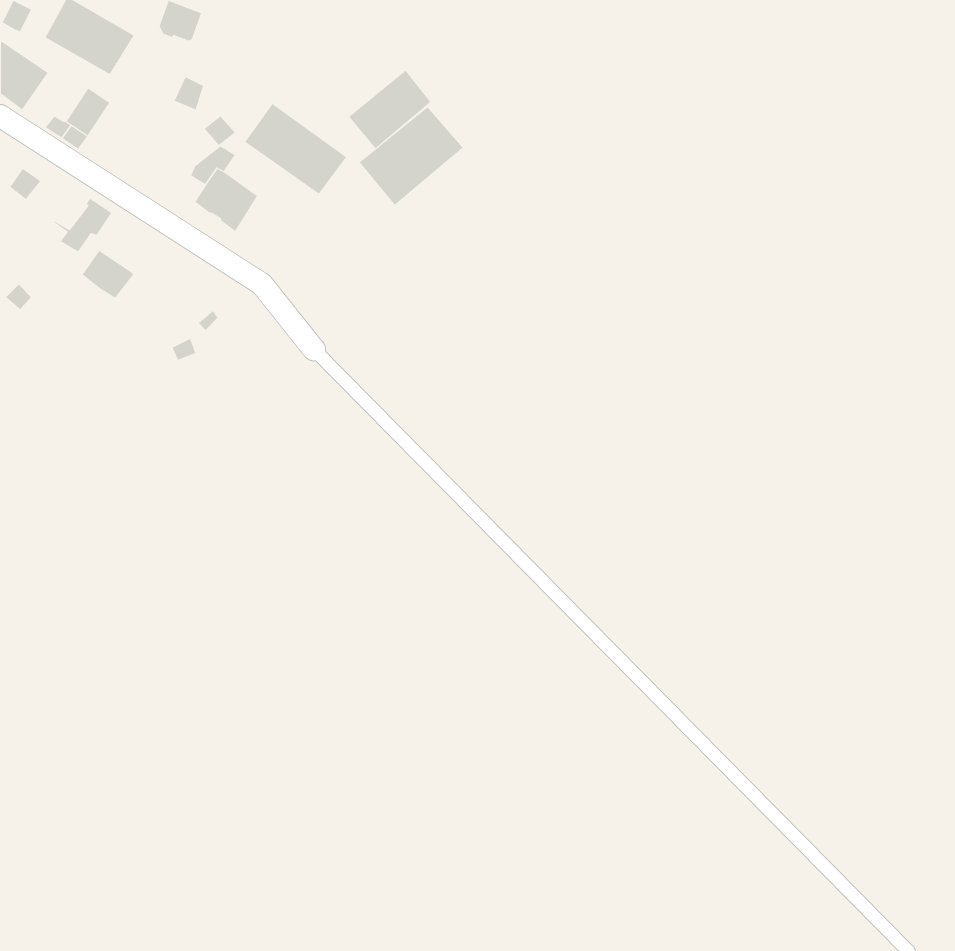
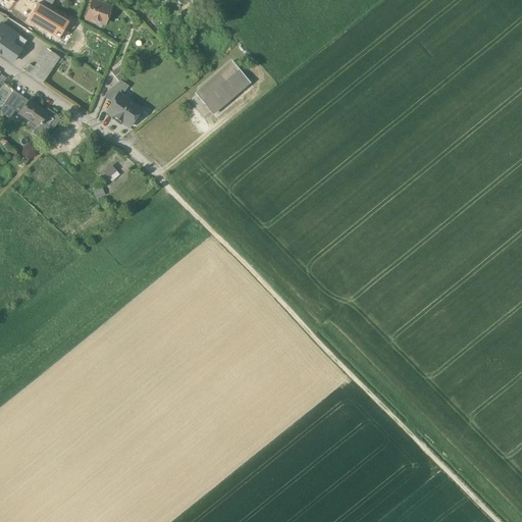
building: [349,70,431,149] -> none
building: [244,103,347,194] -> none
building: [82,250,134,299] -> [19,99,48,125]

